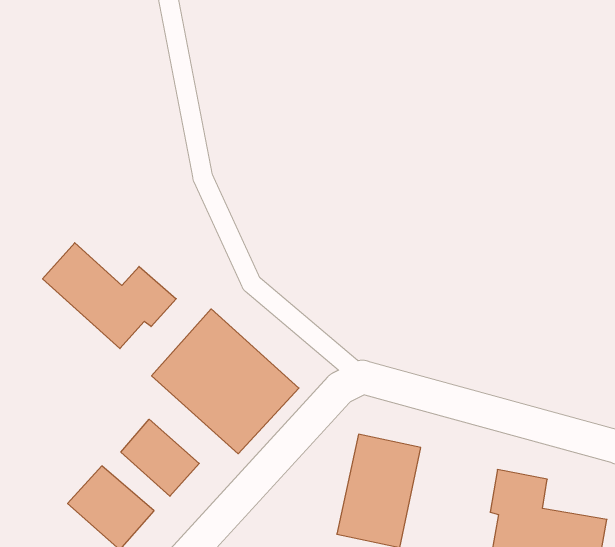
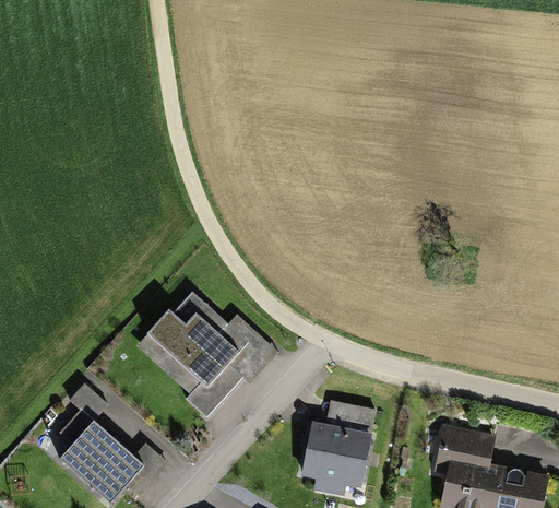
building: [43,243,176,349] -> none
building: [121,419,199,496] -> none

